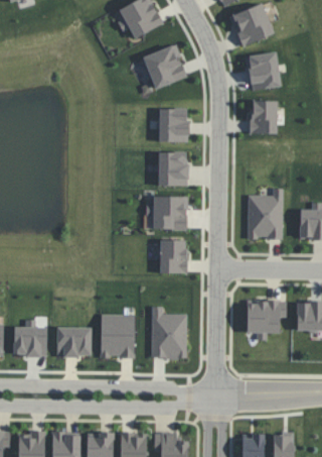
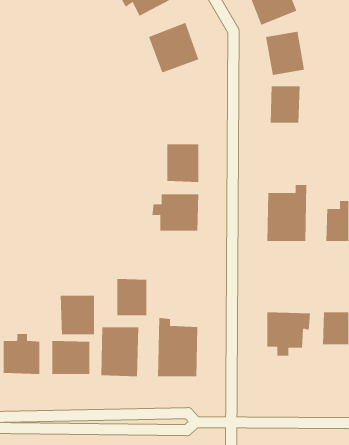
building: [158,108,188,142] -> none
building: [159,239,186,272] -> [116,278,147,316]
building: none -> [60,295,95,335]

